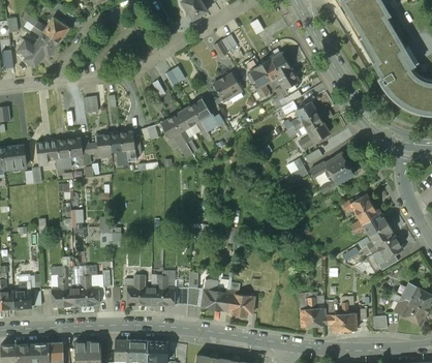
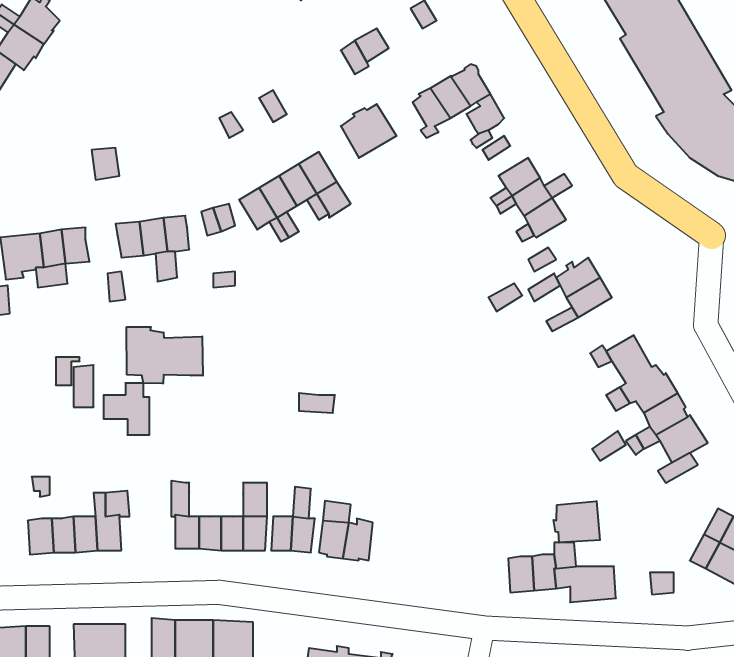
building: none -> [127,327,203,384]
building: none -> [553,501,600,543]
building: [226,291,254,316] -> none

